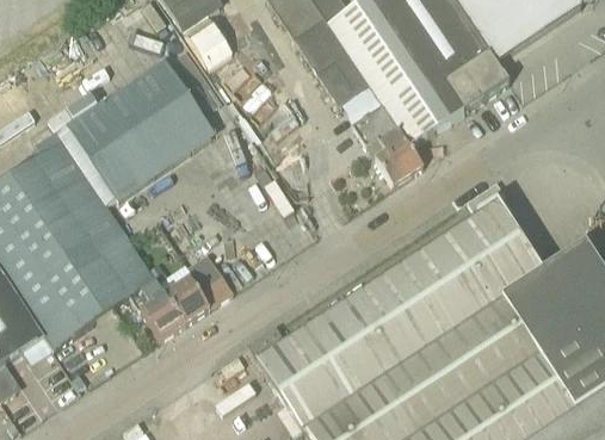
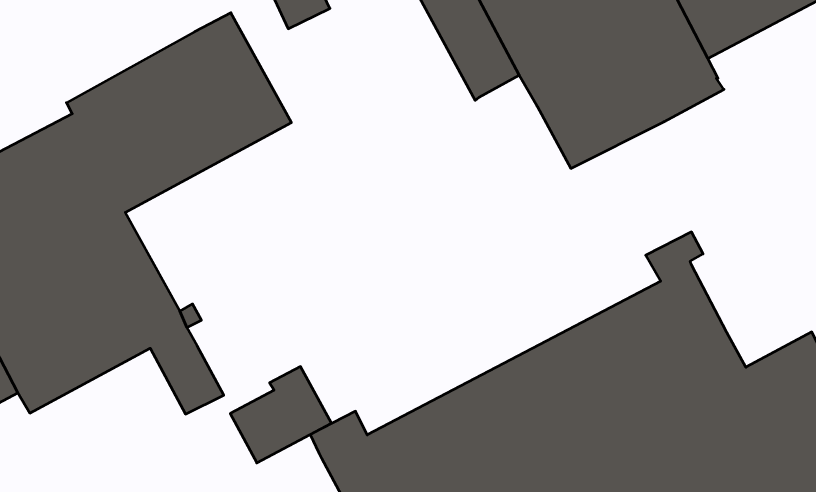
building: [352,104,424,185] -> none
building: [163,254,234,323] -> [230,367,332,463]

